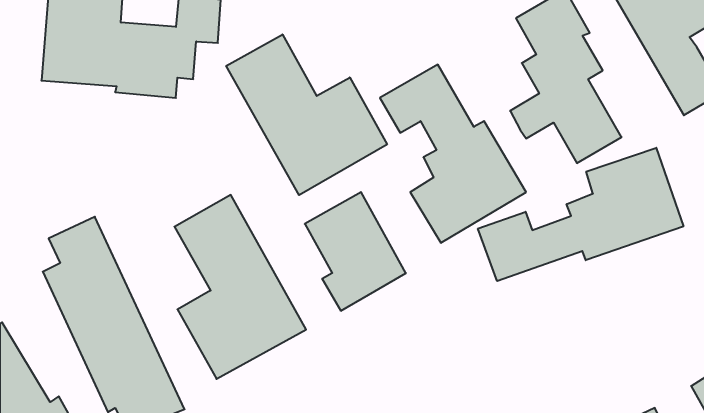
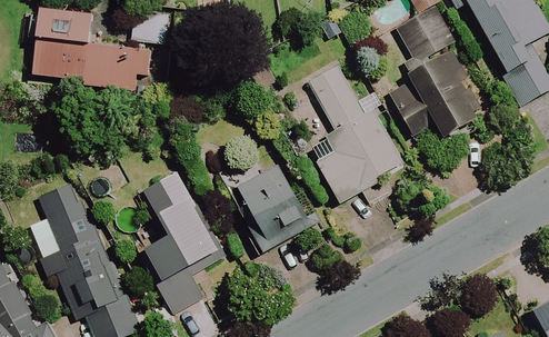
building: [226,34,387,195] -> none
building: [478,148,683,281] -> none

